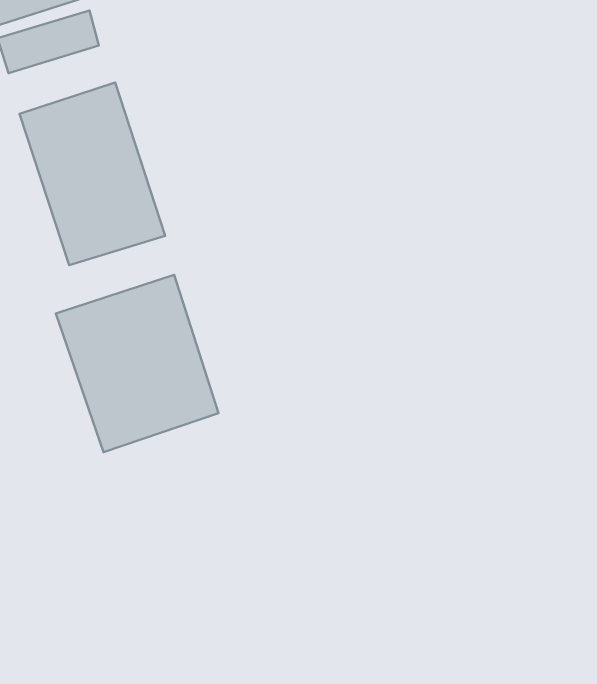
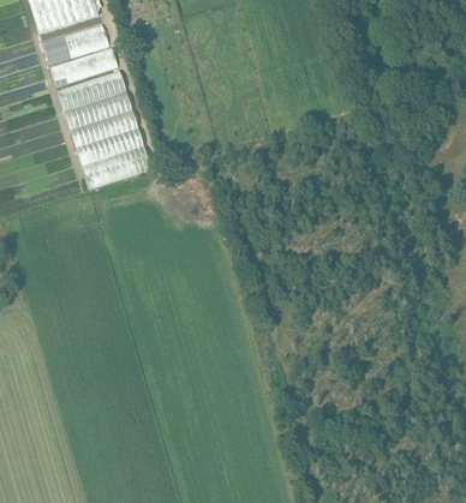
building: none -> [49,46,118,85]
building: [56,275,219,452] -> none

